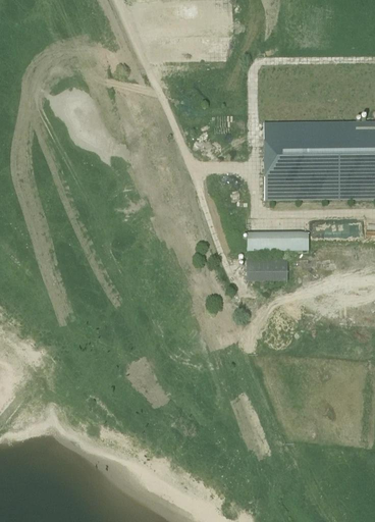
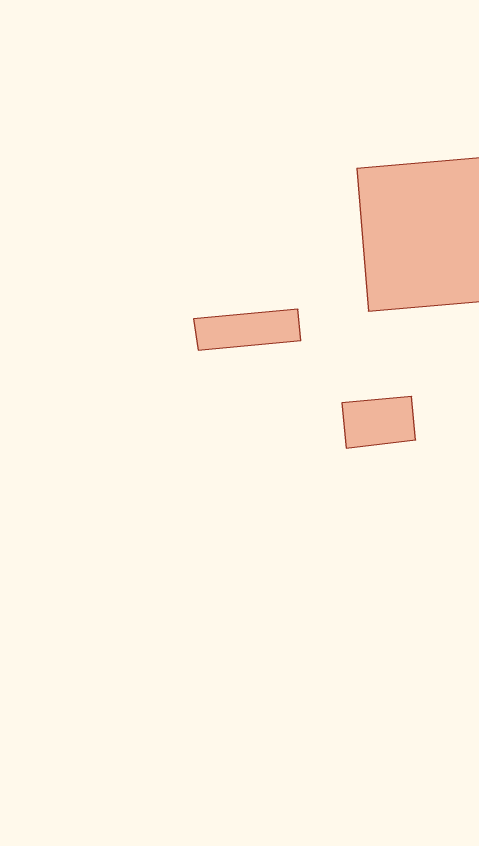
building: [247,229,308,248] -> [194,309,301,350]

